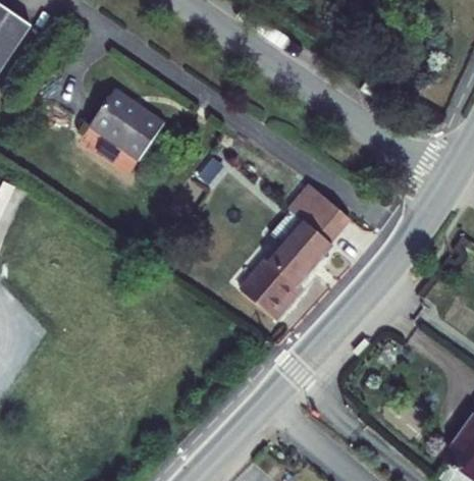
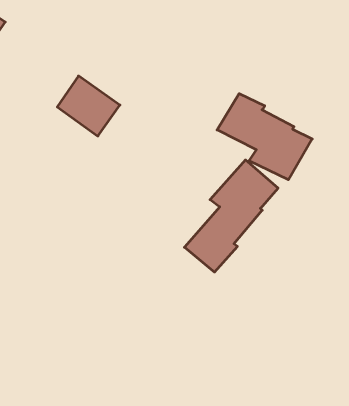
building: none -> [217,94,312,180]

